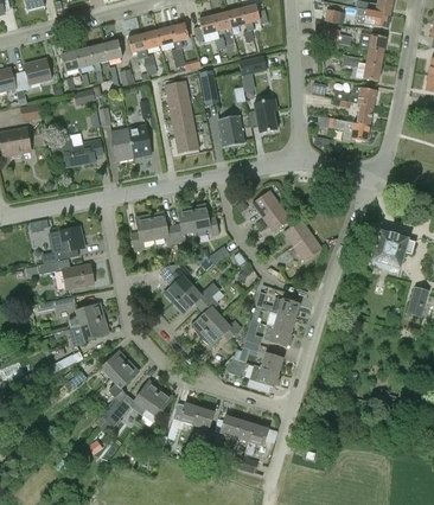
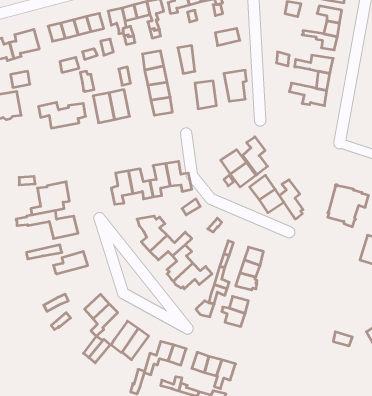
building: none -> [243,137,268,174]
building: none -> [279,180,303,219]
building: [68,319,108,347] -> none

